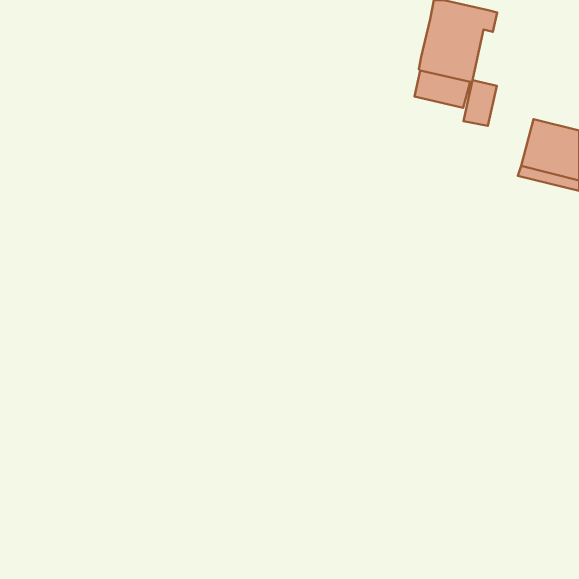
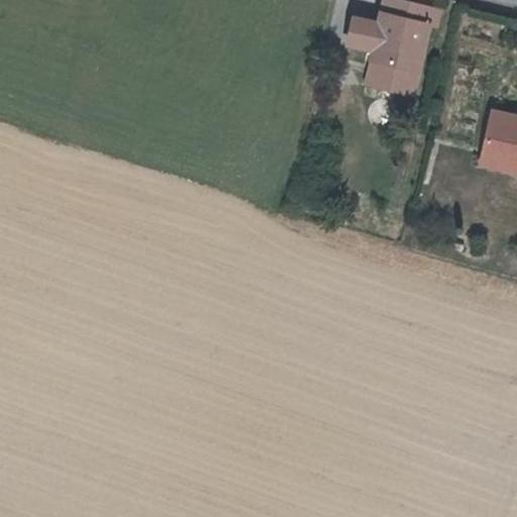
building: none -> [349,13,383,51]
building: [463,80,497,126] -> none

